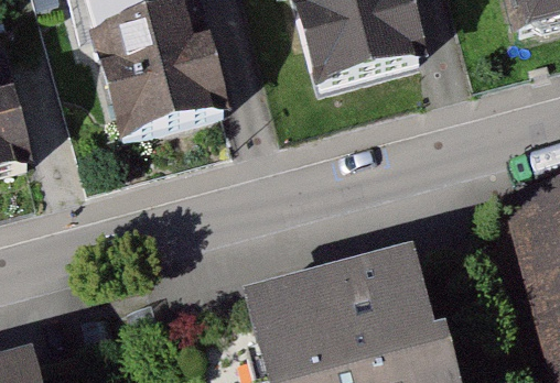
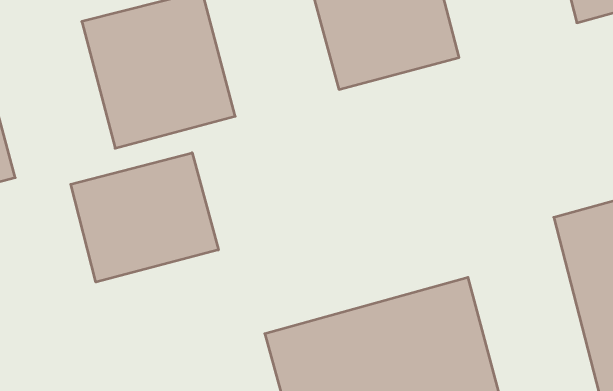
building: none -> [71,153,218,282]

